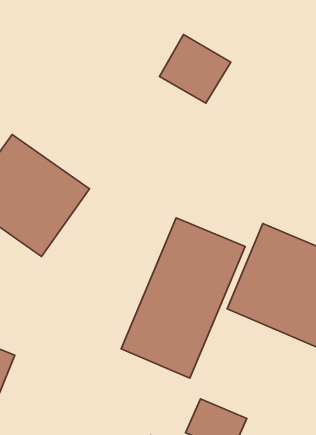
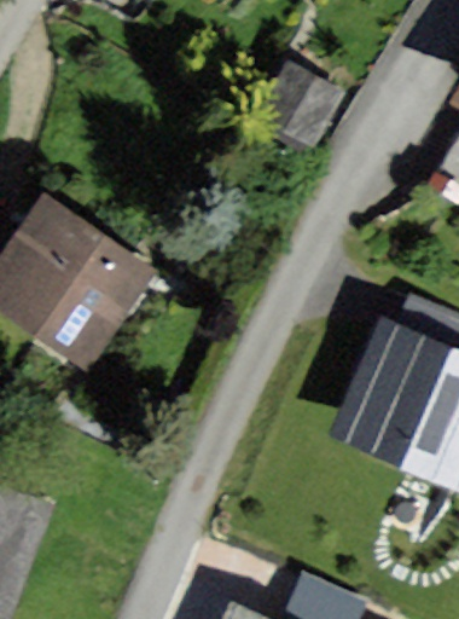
building: [121,218,245,378] -> none

